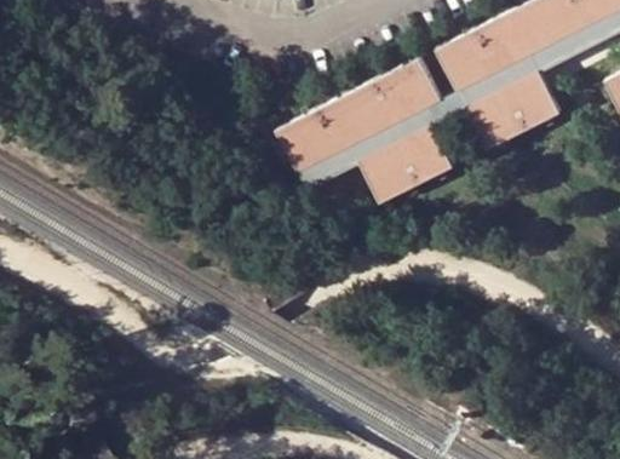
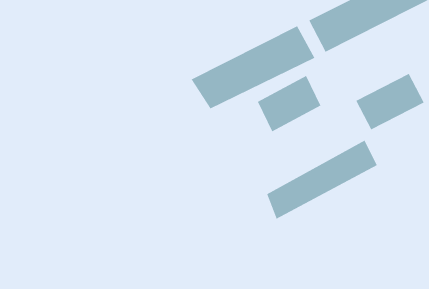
building: [464,73,559,151] -> [355,73,425,130]
building: none -> [266,139,378,220]

